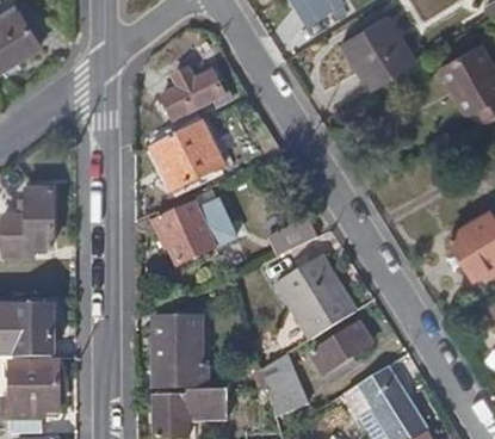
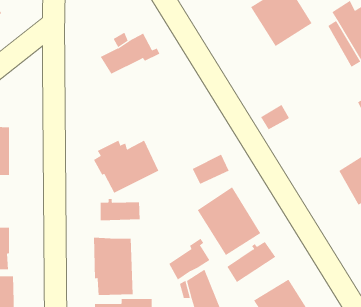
building: [150,123,223,193] -> none
building: none -> [100,198,140,221]
building: none -> [168,238,210,280]

